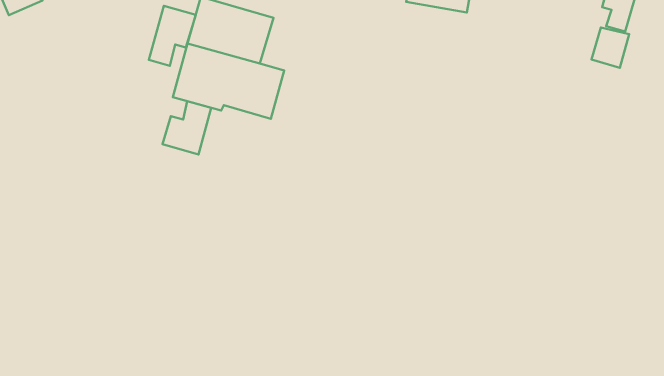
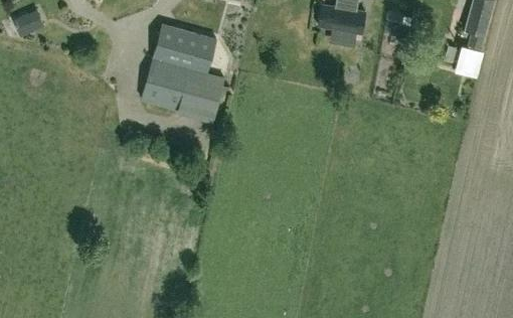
building: [149,6,196,66] -> none
building: [162,101,211,154] -> none

